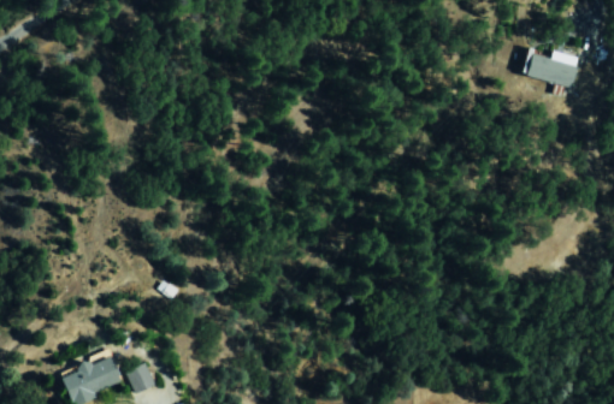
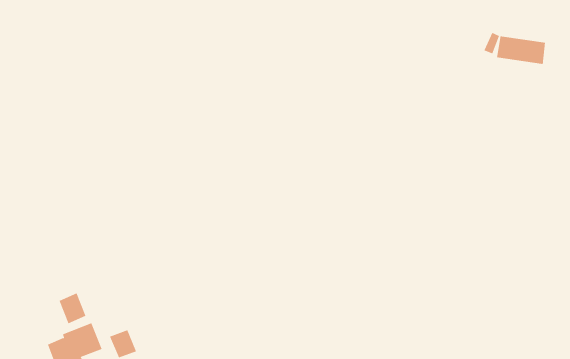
building: none -> [59,293,86,324]

